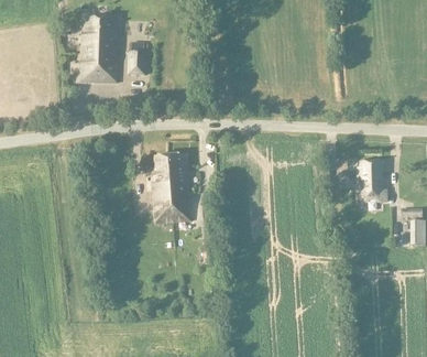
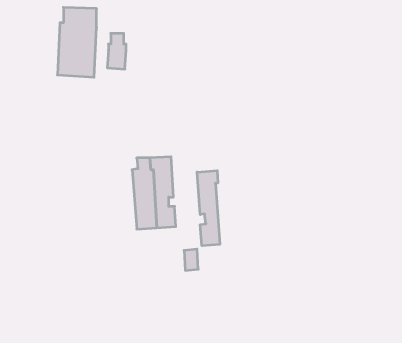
building: [360,159,390,199] -> none
building: none -> [197,171,220,246]

